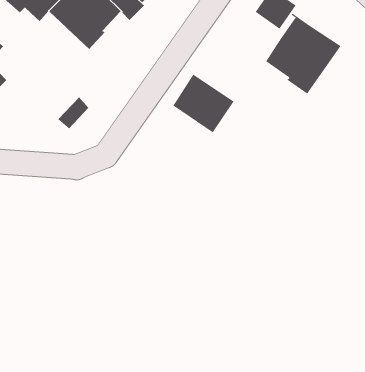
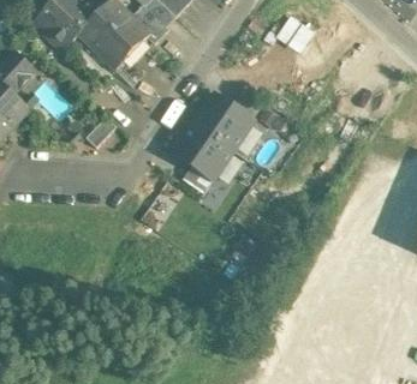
building: [265,13,341,95] -> none
building: none -> [174,125,233,181]

